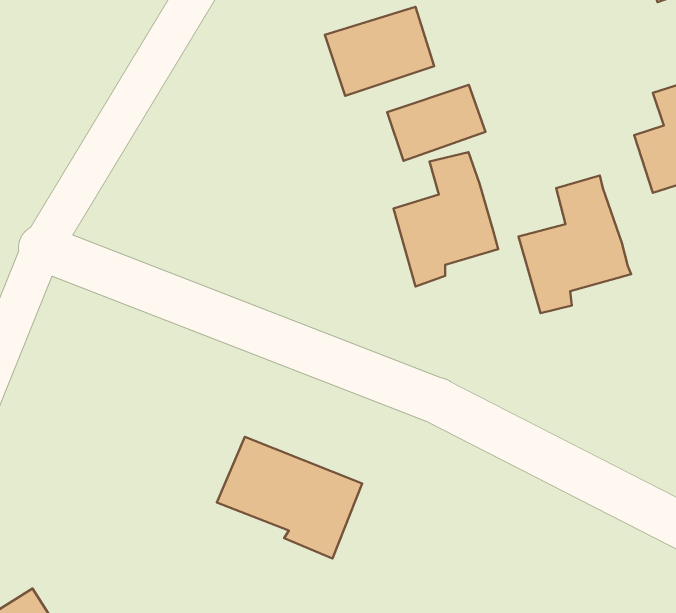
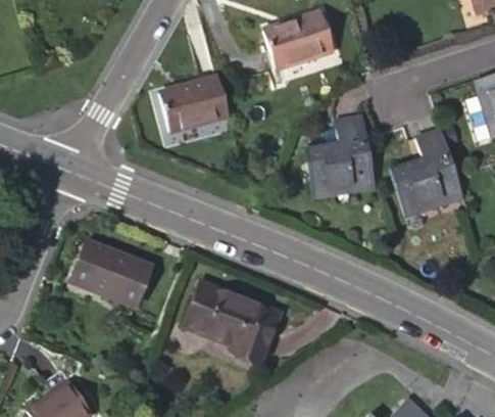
building: [387,85,485,161] -> none
building: none -> [156,68,229,128]
building: none -> [79,248,159,314]

